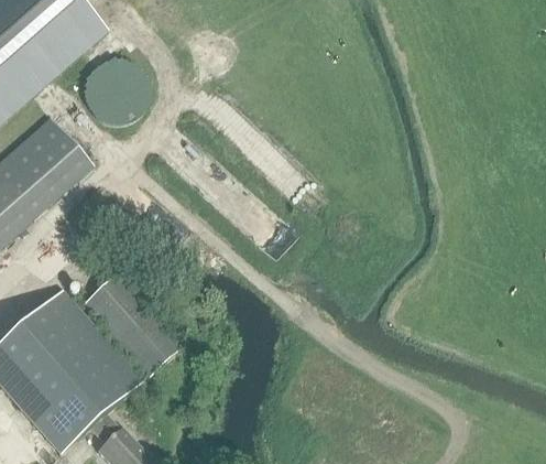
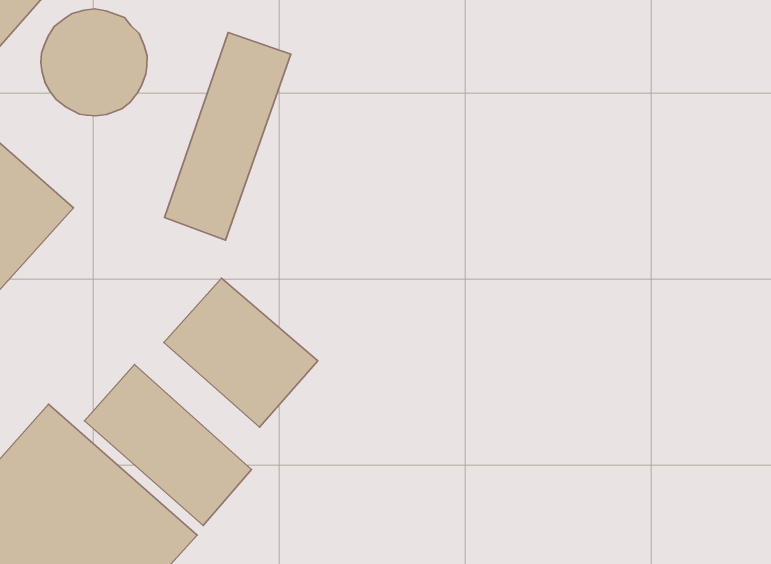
building: none -> [164,32,291,240]
building: none -> [164,278,318,427]

